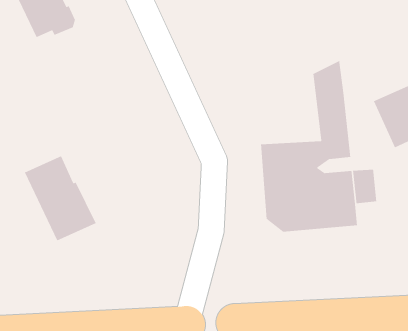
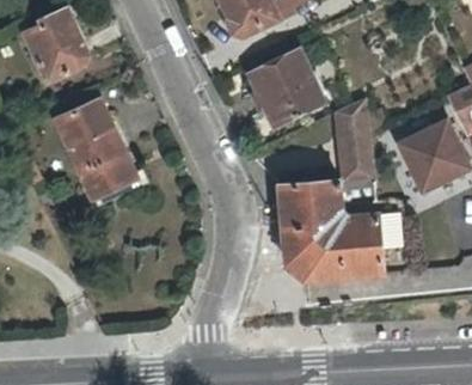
building: none -> [249,50,323,126]
building: [24,155,97,242] -> [56,103,133,194]

